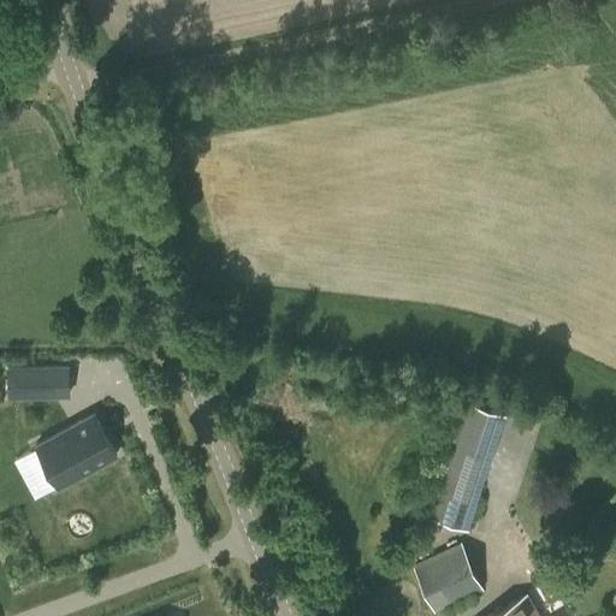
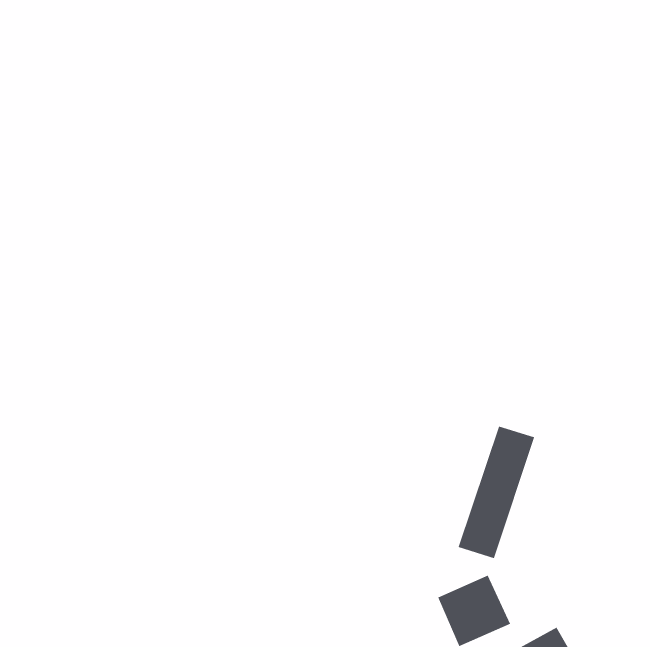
building: [6,369,67,399] -> none
building: [34,416,116,490] -> none

